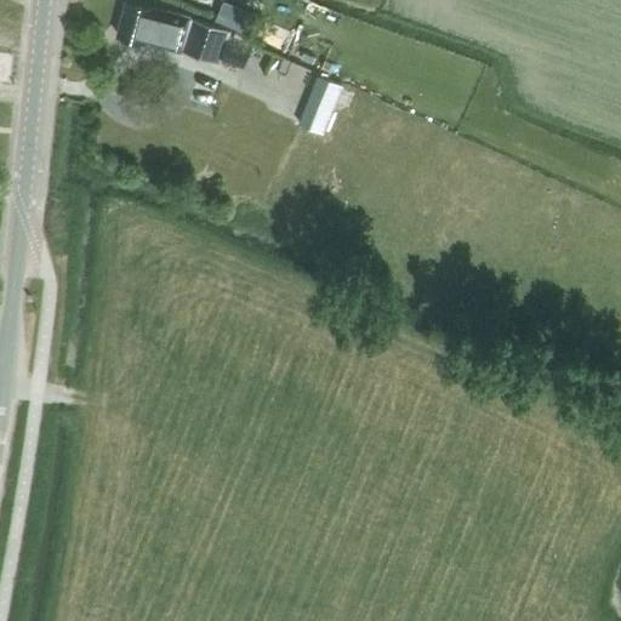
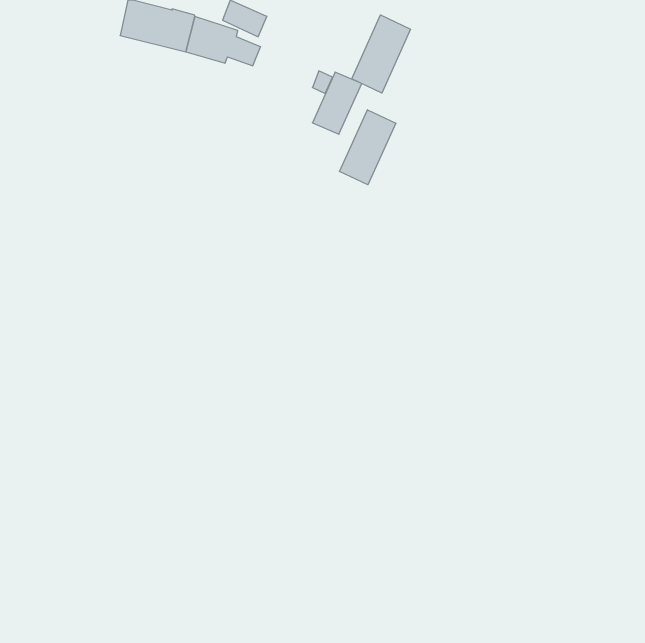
building: none -> [352,15,411,93]
building: none -> [340,110,396,185]

